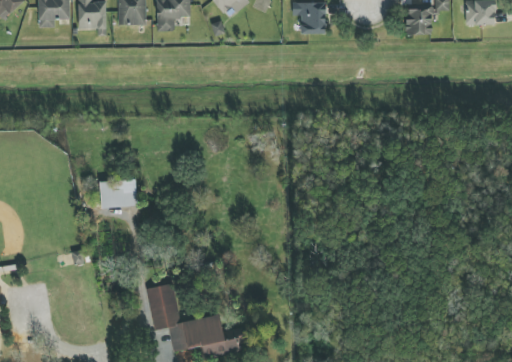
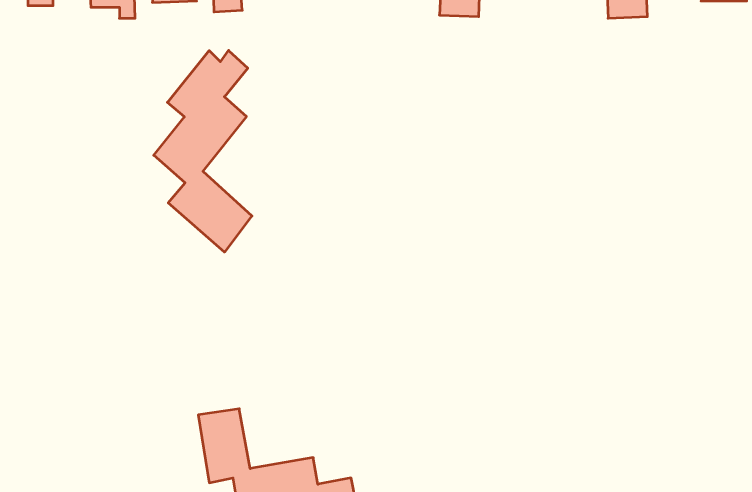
building: none -> [154,50,252,252]
building: [100,178,137,206] -> none

